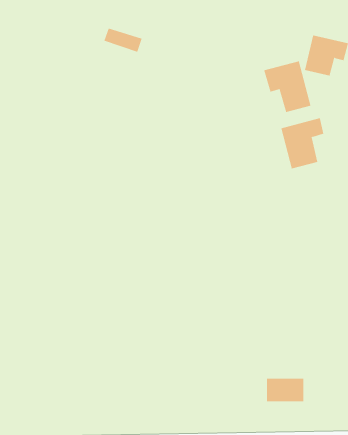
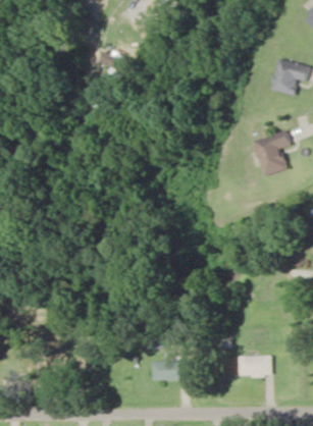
building: [263,61,311,113] -> none
building: none -> [152,361,187,379]

